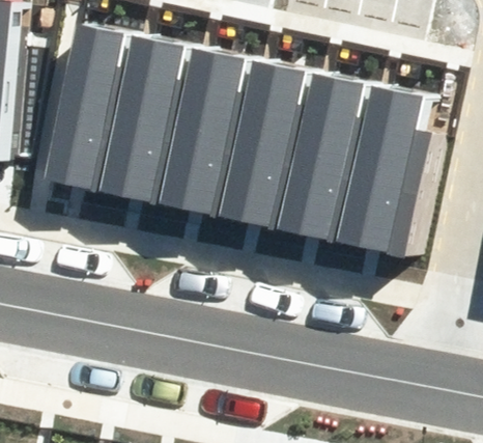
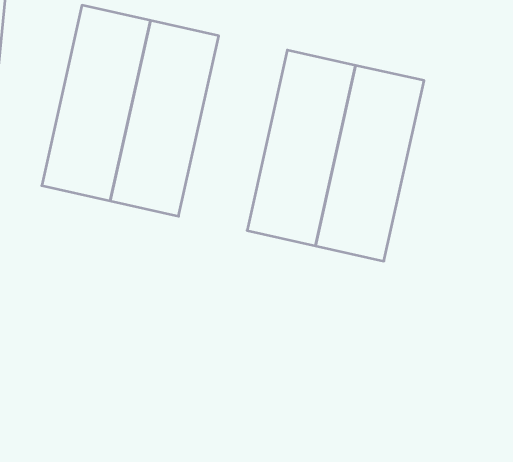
building: [170,48,265,219] -> none
building: [350,87,437,259] -> none

